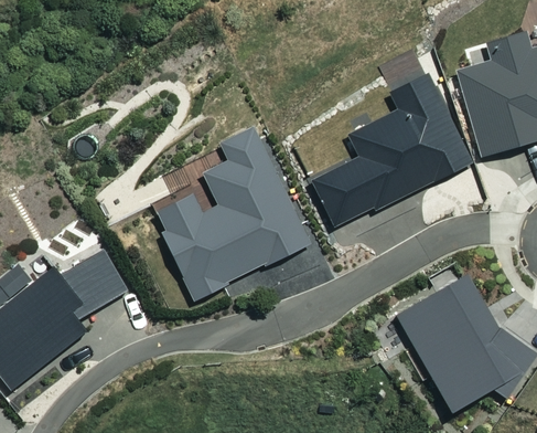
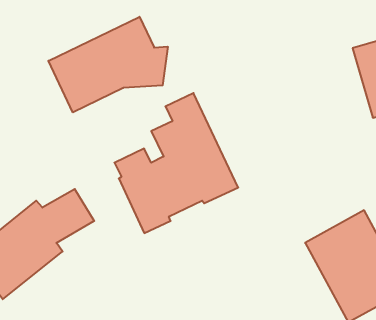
building: none -> [48,17,168,112]
building: [310,74,473,228] -> none

